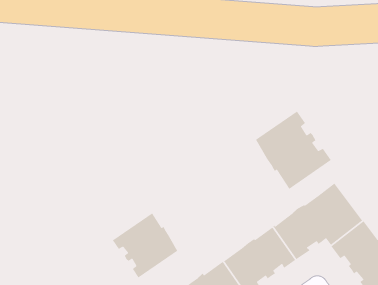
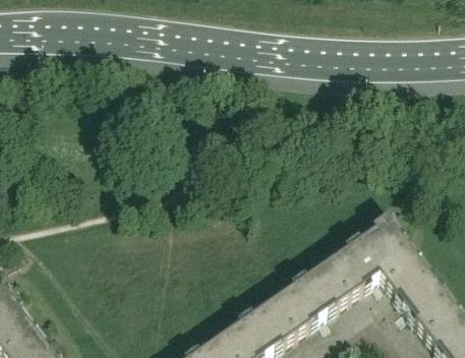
building: [253,110,332,191] -> none
building: [112,212,180,279] -> none

